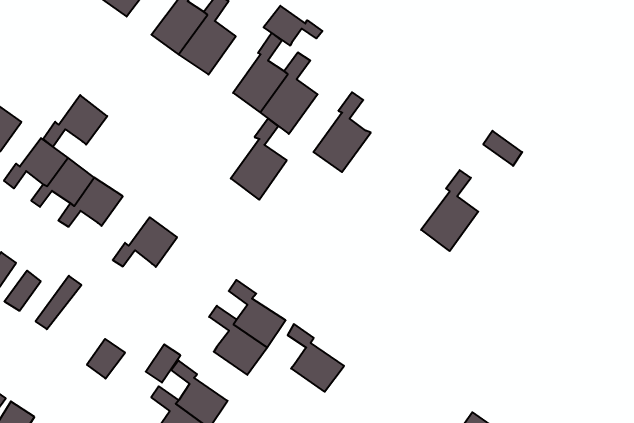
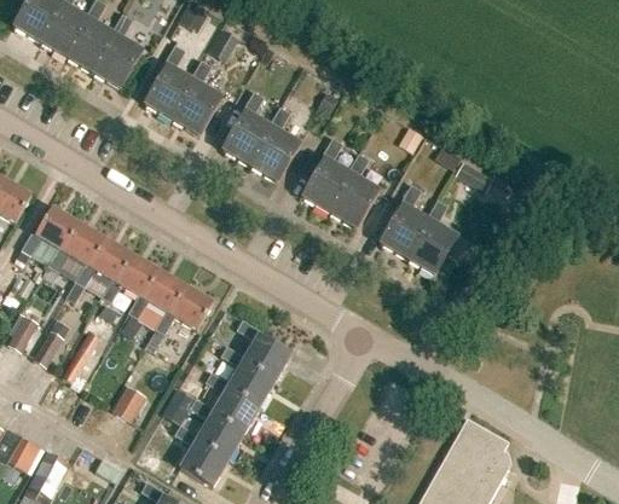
building: [264,6,322,46] -> none
building: [43,95,107,147] -> [100,253,157,302]
building: [231,119,287,200] -> [329,153,378,228]
building: none -> [380,184,429,257]
building: none -> [154,285,213,334]
building: [288,324,344,392] -> [206,371,260,430]

